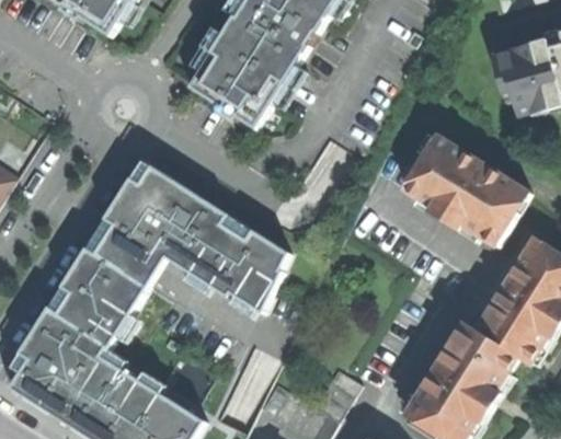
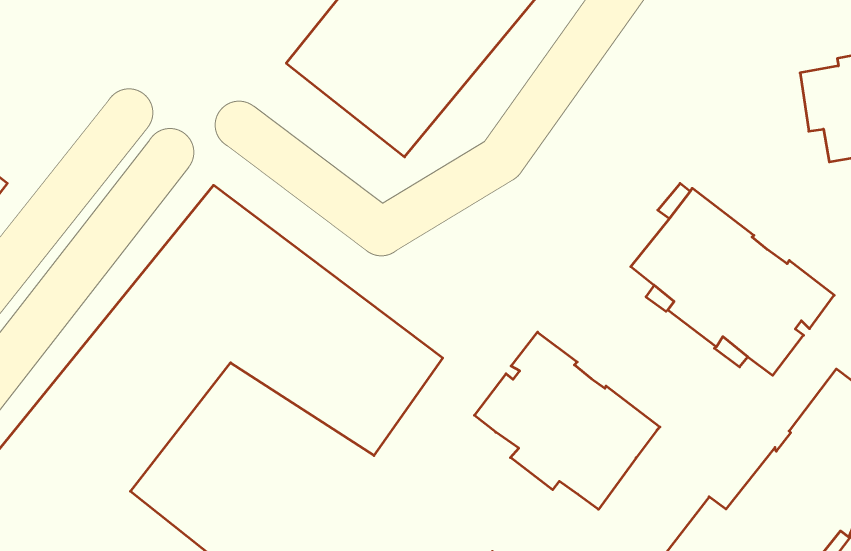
building: none -> [474,332,660,509]

